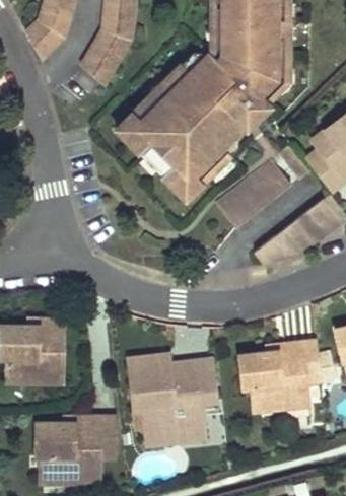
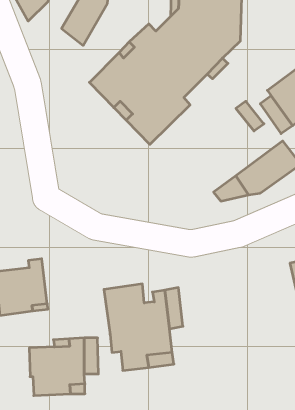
building: [218,156,293,225] -> none
building: [239,340,322,413] -> none

